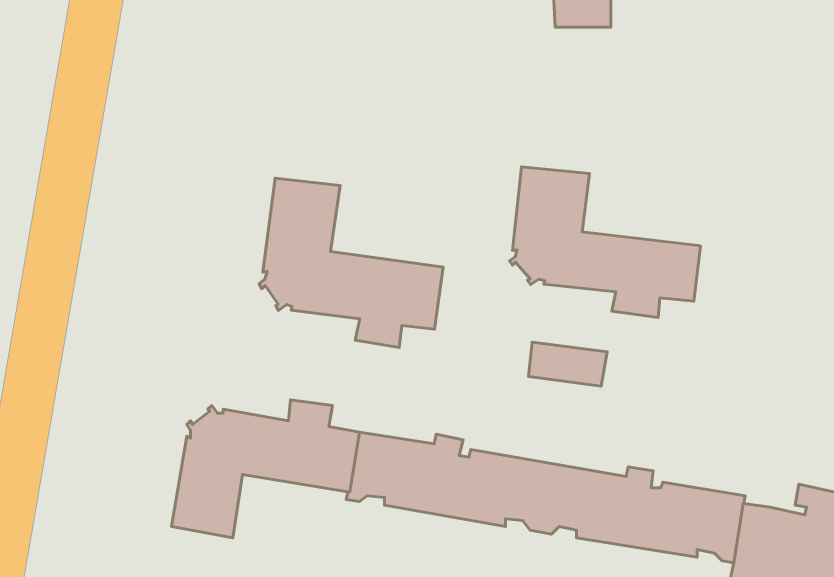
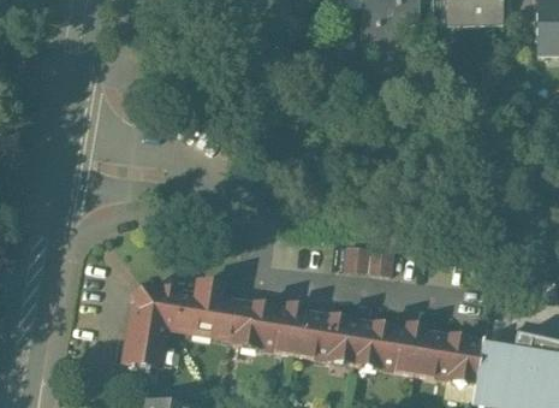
building: [509,167,700,318] -> none
building: [259,178,443,348] -> none

